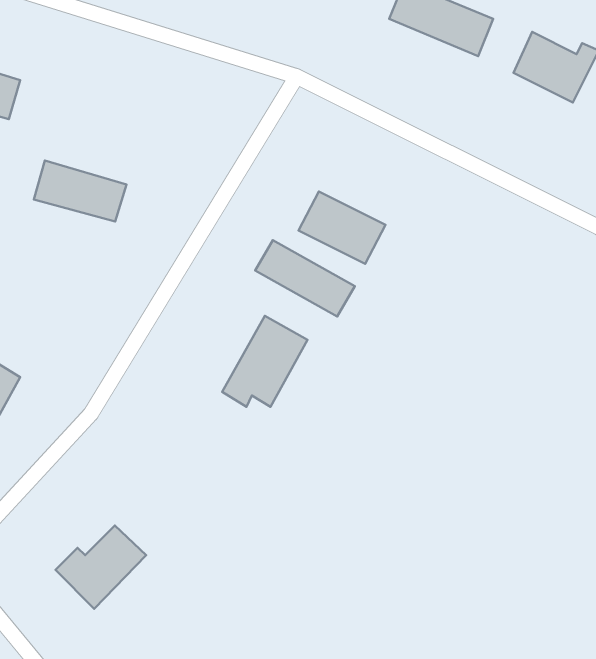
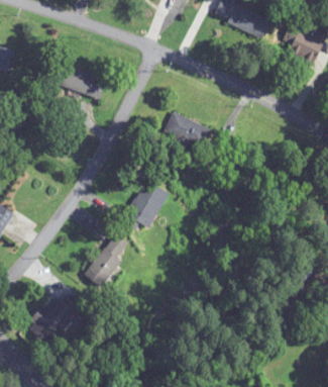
building: [34,160,126,222] -> [54,64,105,97]
building: [255,240,355,317] -> none
building: none -> [84,234,126,288]

